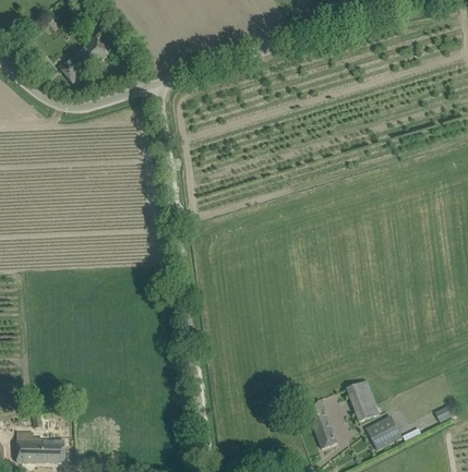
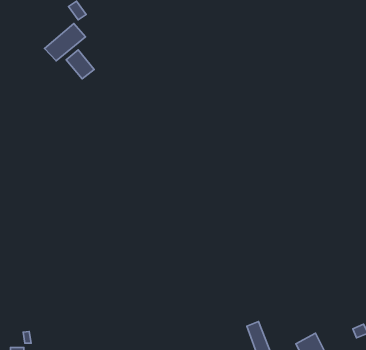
building: none -> [66,50,94,79]
building: [346,379,379,421] -> none

